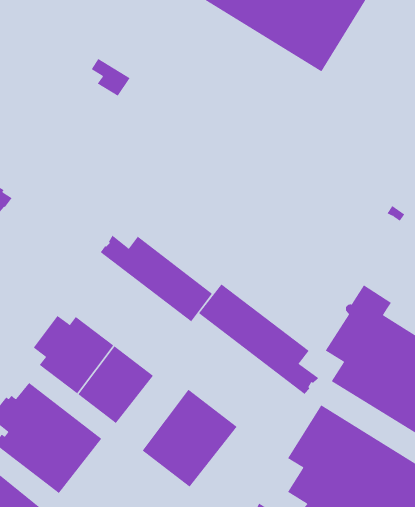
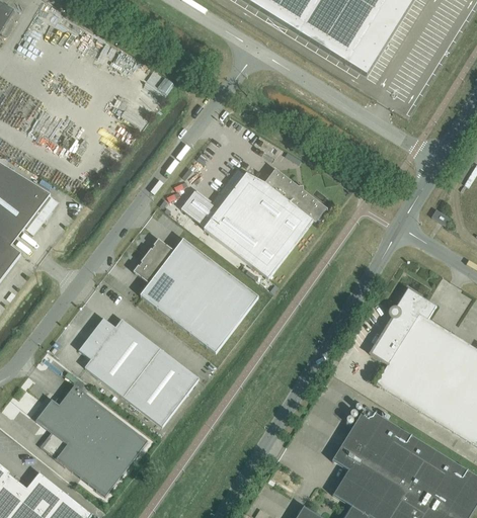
building: none -> [181,168,327,278]
building: none -> [134,255,237,352]
building: [198,284,319,395] -> none
building: [142,389,238,488] -> none

